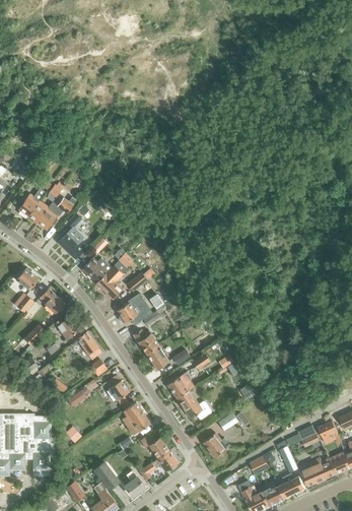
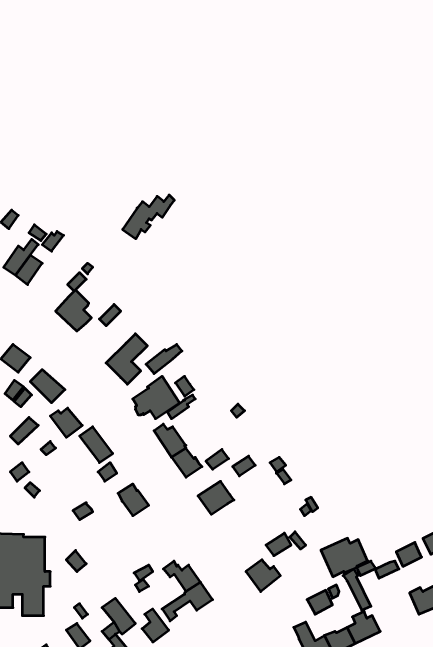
building: [37,196,76,230] -> [123,195,174,239]
building: [82,257,112,282] -> none
building: [177,390,211,420] -> none
building: [121,401,150,435] -> none
building: [299,457,335,487] -> [321,538,368,577]

